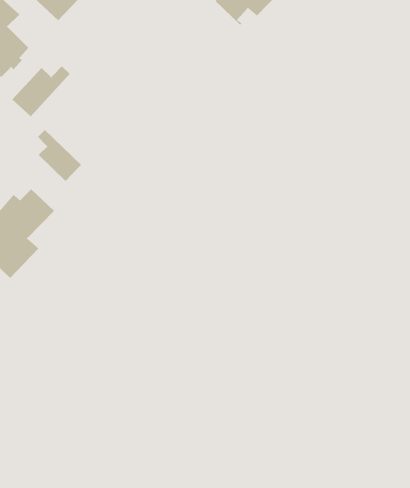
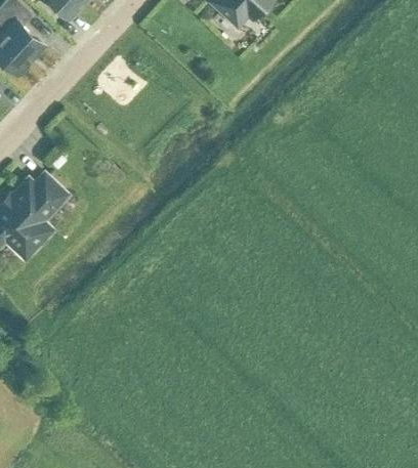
building: [11,65,70,117] -> none
building: [37,129,82,182] -> none

